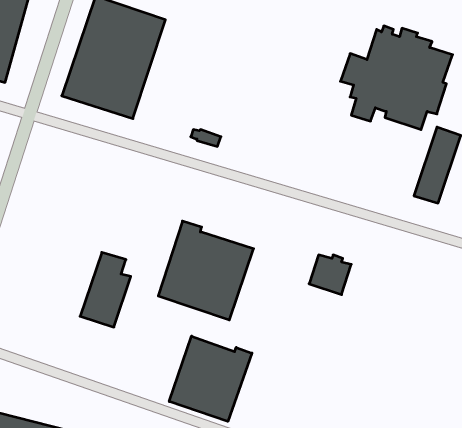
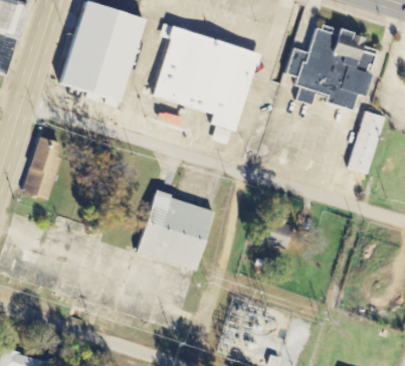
building: none -> [152,23,260,144]
building: [80,252,131,327] -> [22,139,64,201]
building: [169,336,252,421] -> none

